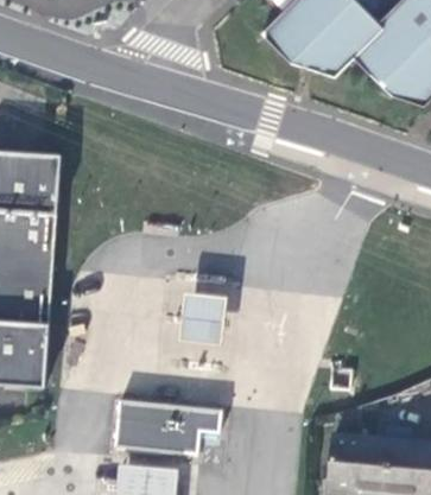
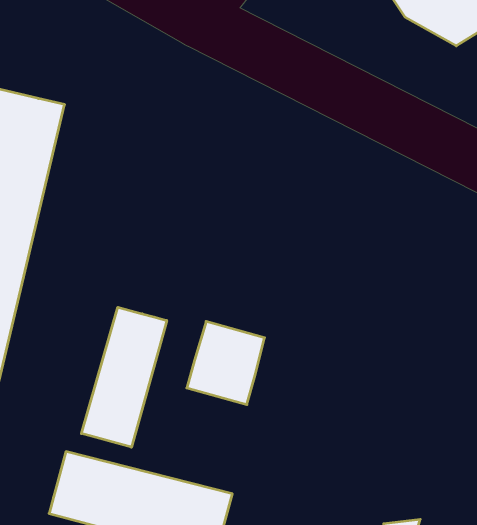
building: none -> [81,307,167,447]

